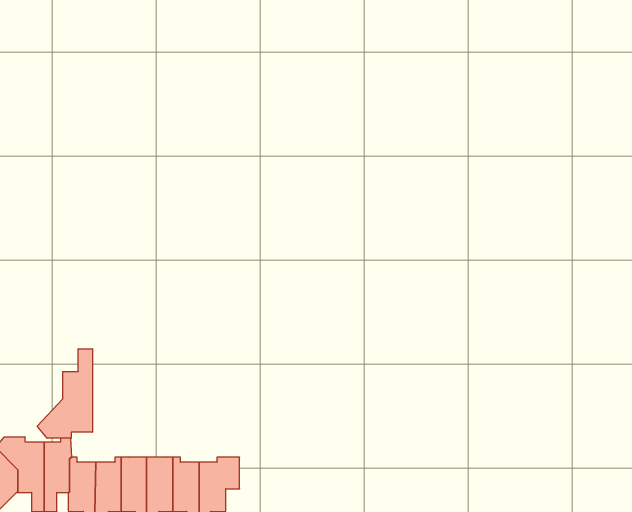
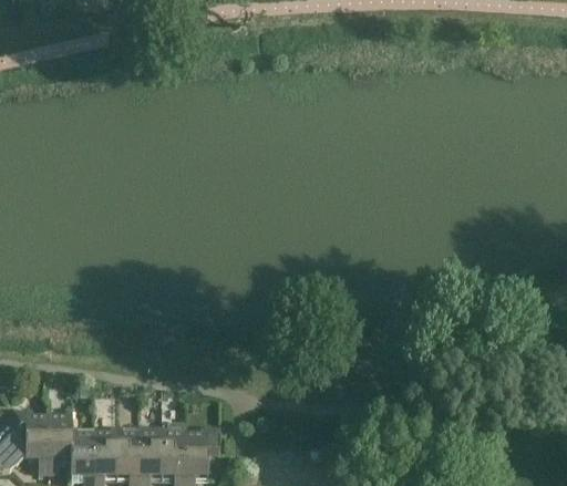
building: [37,349,92,438] -> none

